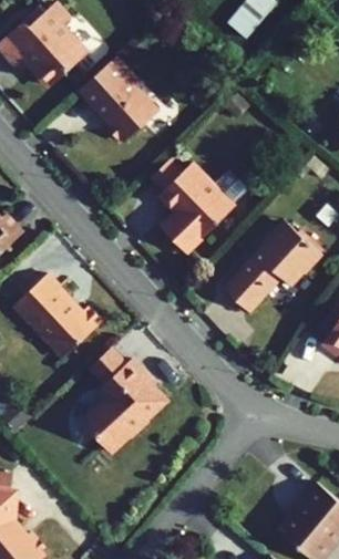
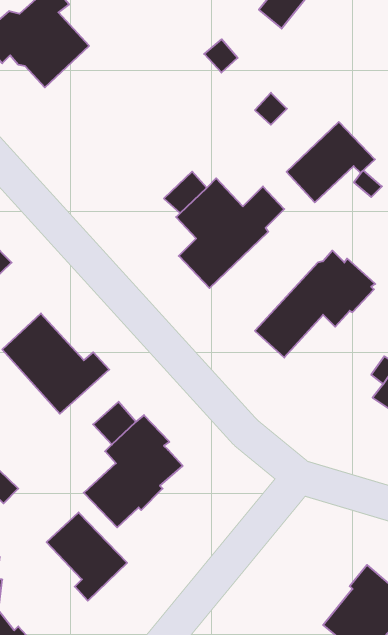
building: [80,54,157,139] -> none
building: none -> [287,122,375,202]
building: none -> [47,512,127,601]

